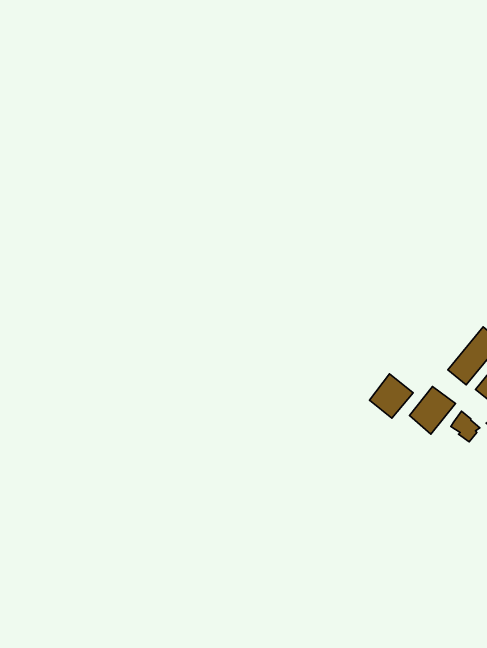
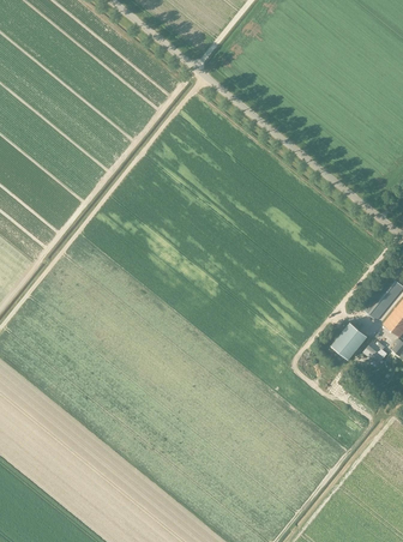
building: [369,374,413,418] -> none

